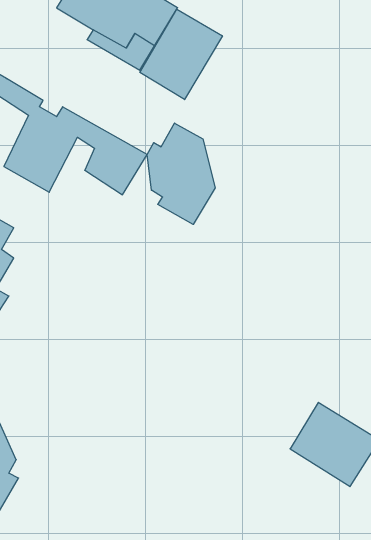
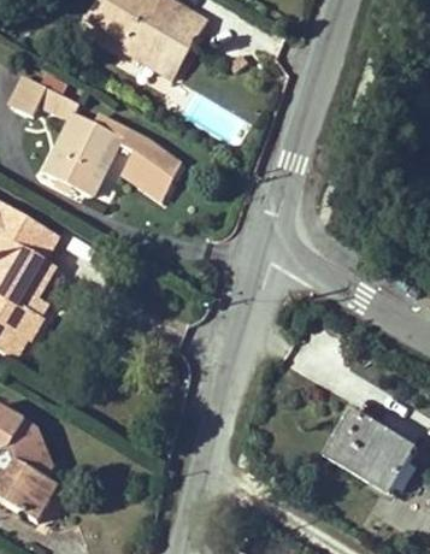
building: [140,9,222,100] -> none
building: [147,123,215,224] -> none

